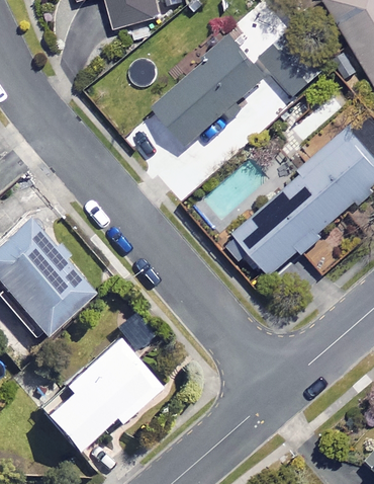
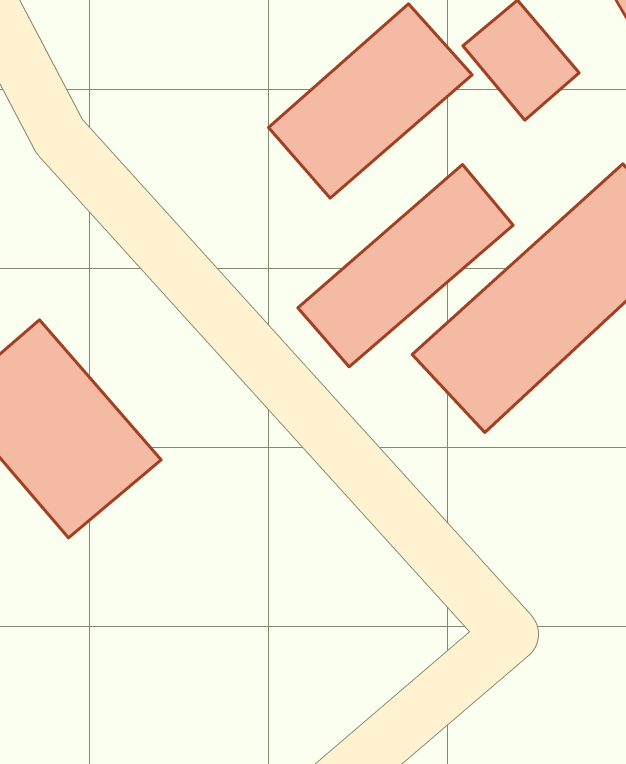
building: none -> [298,165,513,367]
building: [40,336,159,448] -> none

